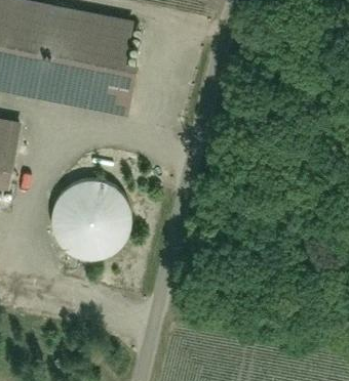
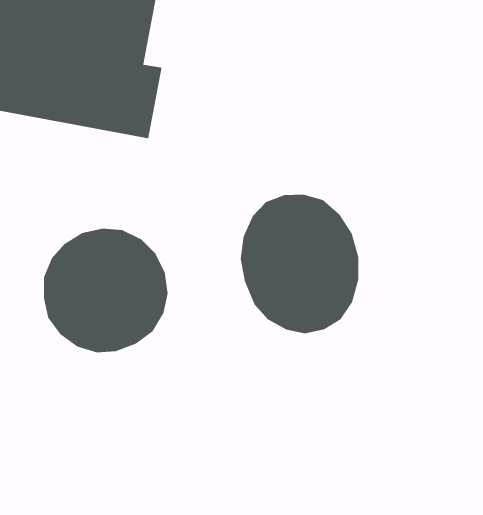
building: none -> [240,194,359,334]

